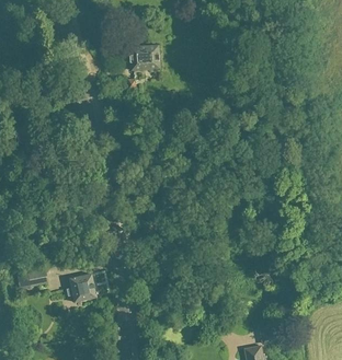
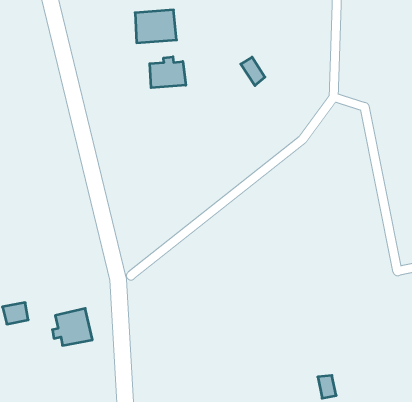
building: none -> [150,57,186,88]

